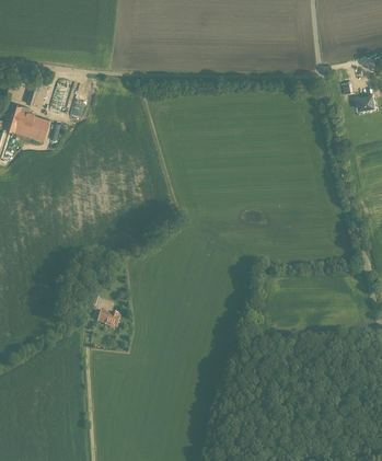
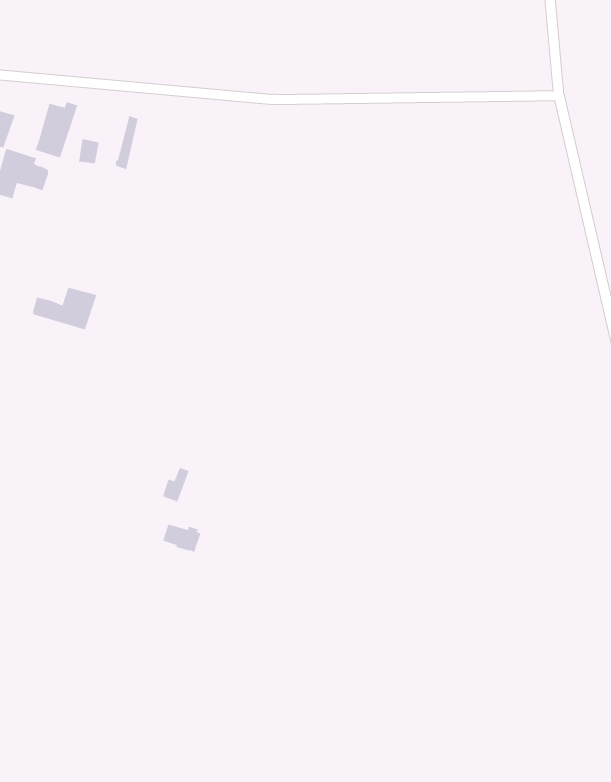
building: [14,116,50,140] -> [33,287,97,330]

